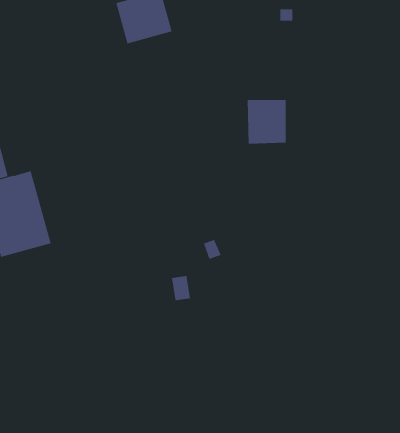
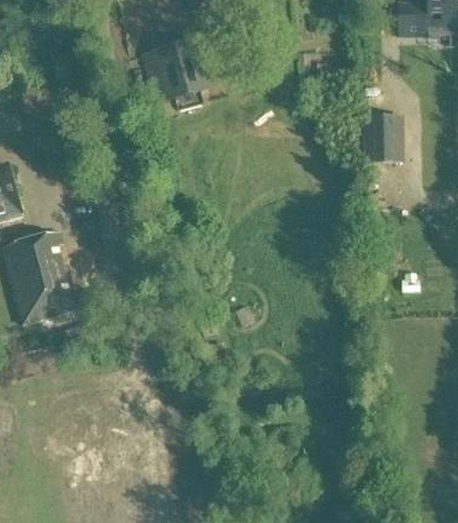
building: [247,100,287,144] -> [362,115,404,162]

